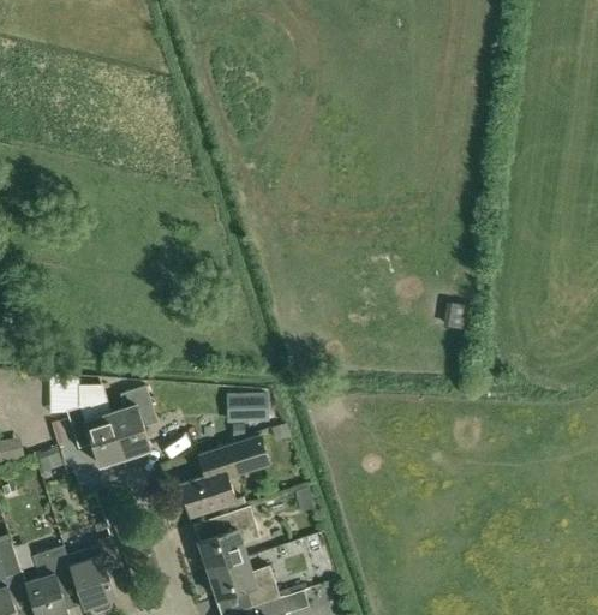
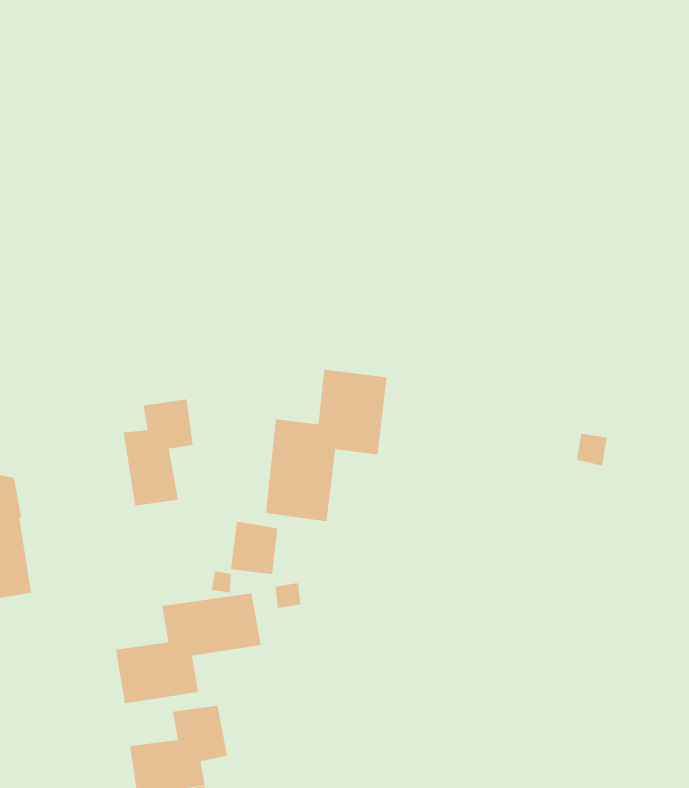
building: none -> [266,369,387,522]
building: [108,387,153,458] -> [123,399,194,506]

